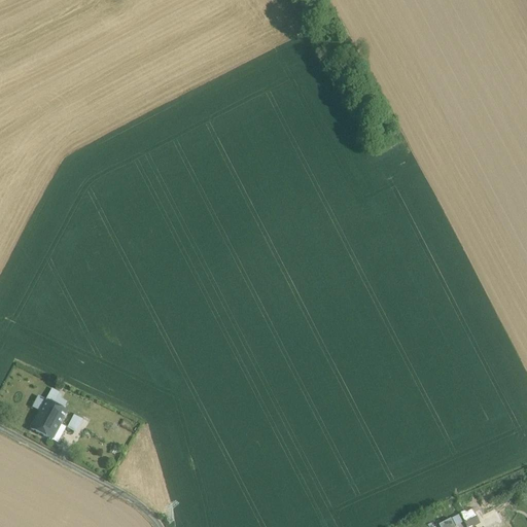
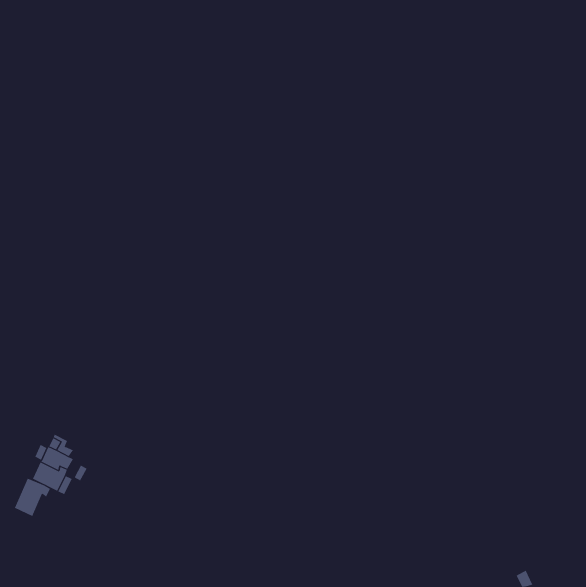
building: none -> [14,478,51,517]

